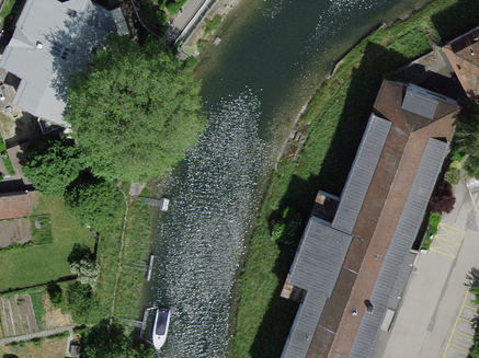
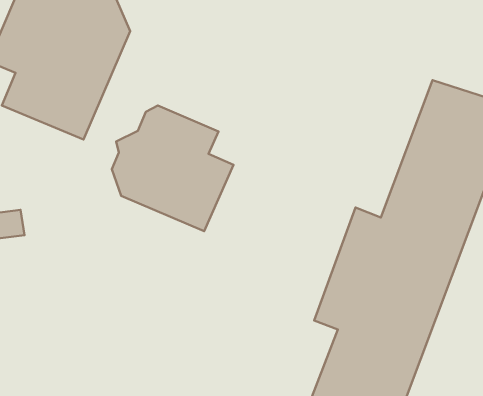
building: none -> [112,105,233,231]

